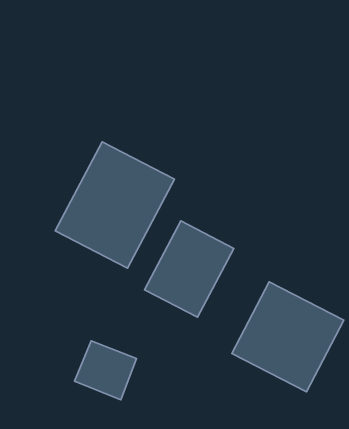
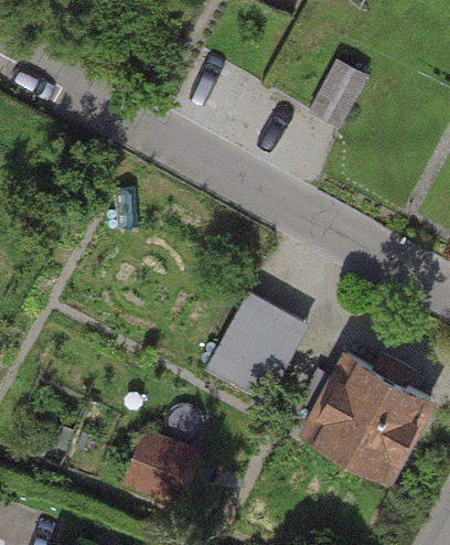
building: [55,142,175,268] -> none

